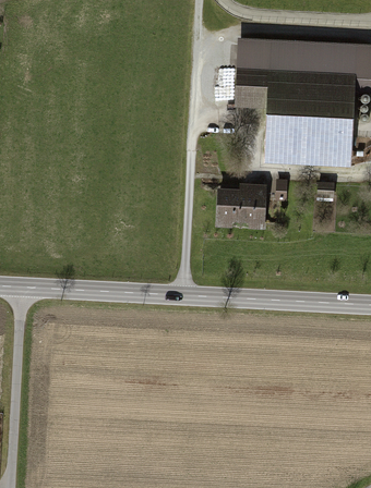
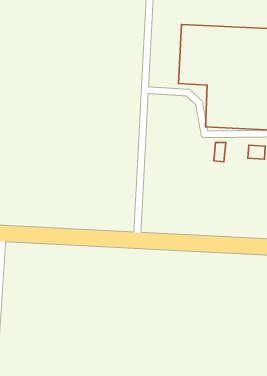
building: [215,182,266,229] -> none

